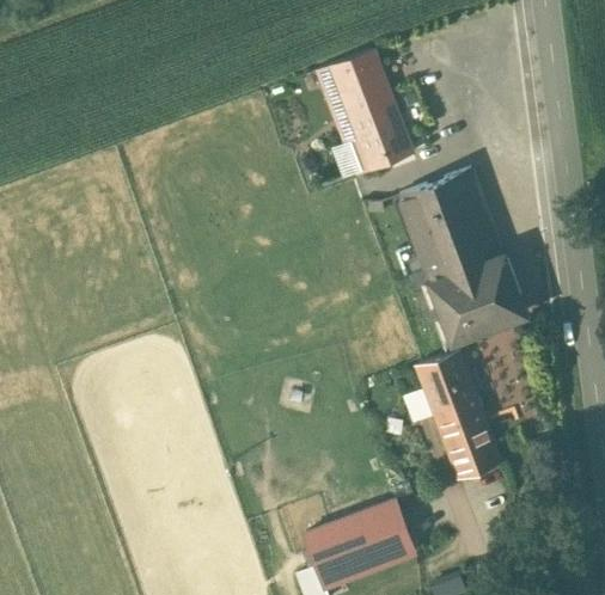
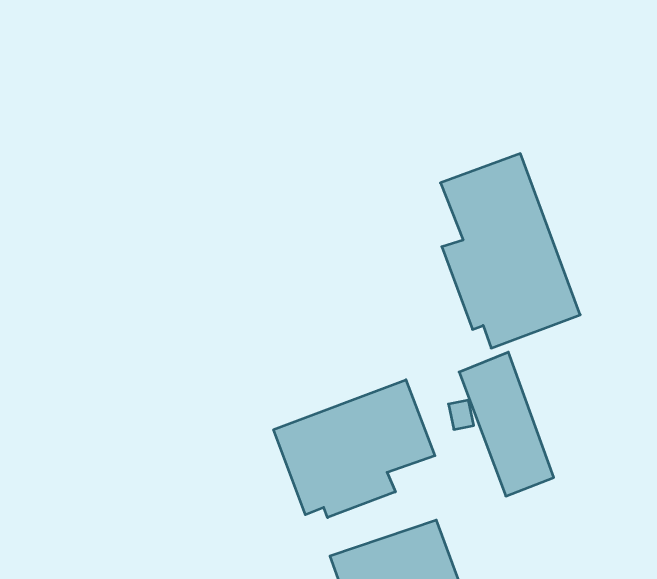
building: [319,50,412,177] -> none
building: none -> [274,380,435,518]

